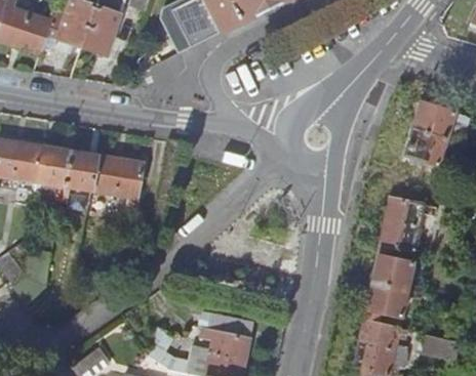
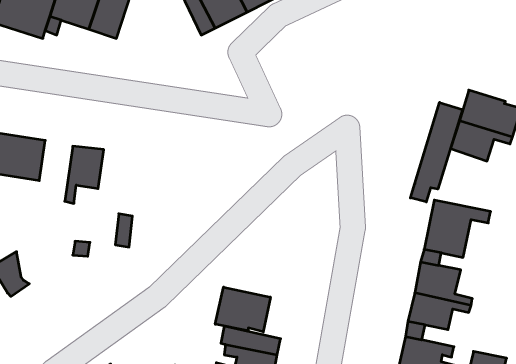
building: none -> [410,102,463,202]
building: [37,147,67,201] -> none
building: [89,155,141,211] -> none
building: none -> [215,287,270,332]

